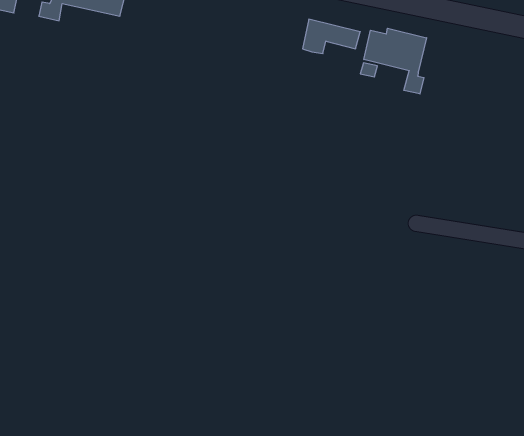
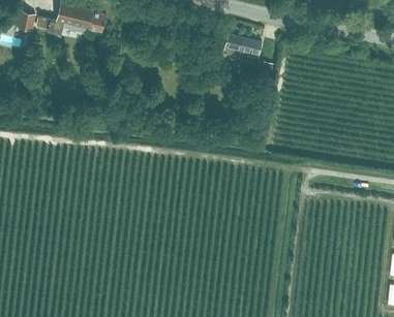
building: [364,28,427,94] -> none

